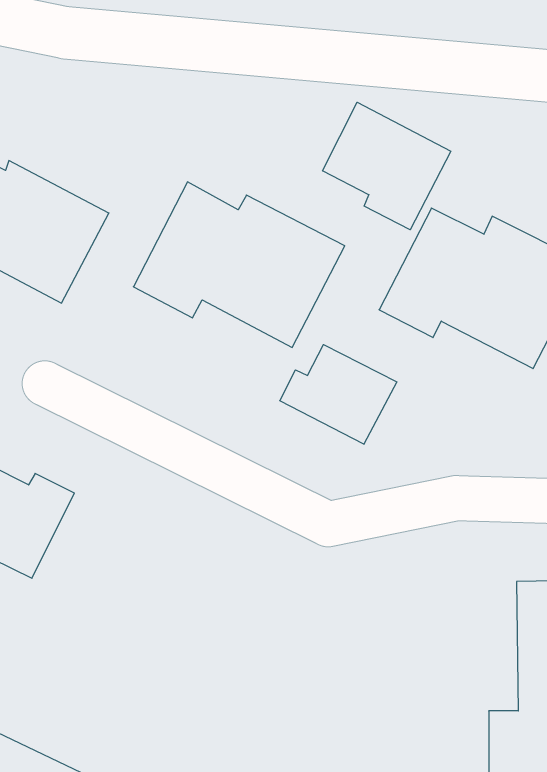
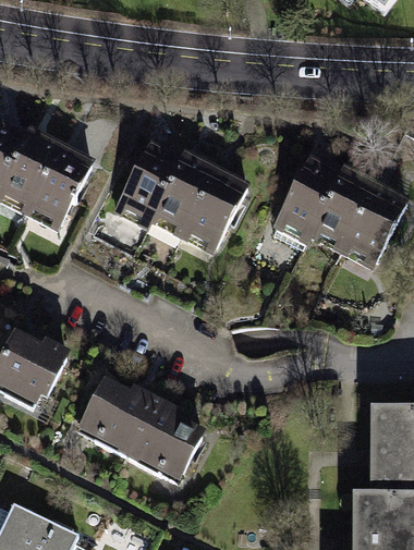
building: [323,102,451,230] -> none
building: [280,345,397,444] -> none
building: none -> [76,377,206,481]

